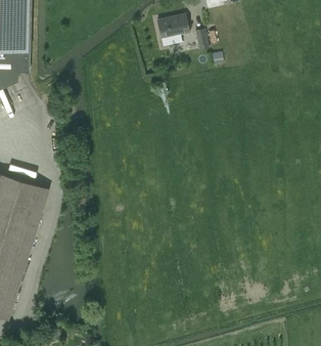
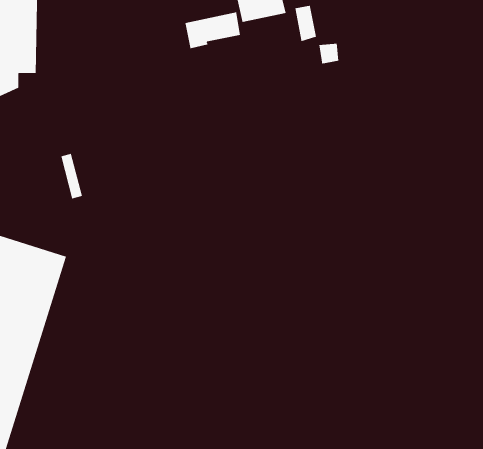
building: none -> [185,11,240,49]

